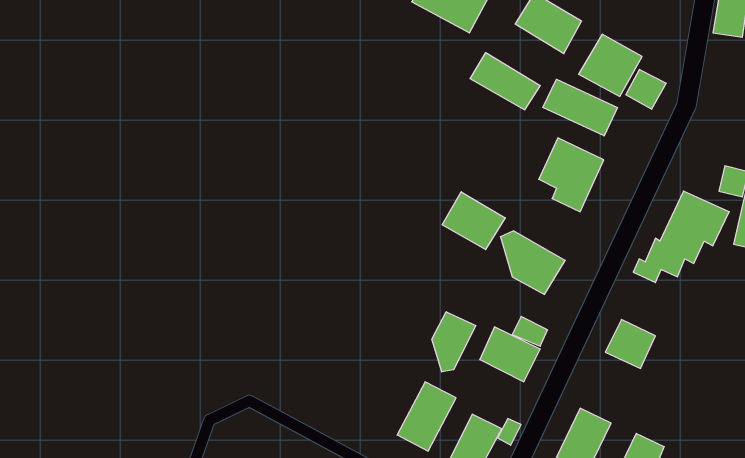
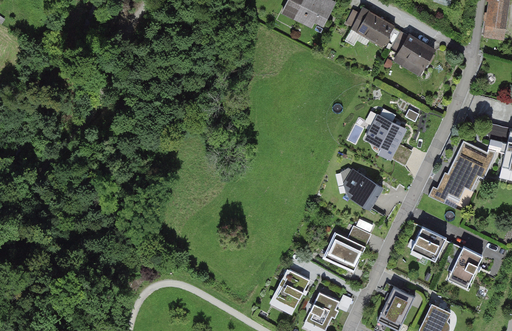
building: [470,53,540,110] -> none
building: [626,69,666,109] -> none
building: [543,79,617,136] -> none
building: [442,192,505,250] -> none
building: [432,312,476,372] -> none
building: none -> [445,246,484,291]

